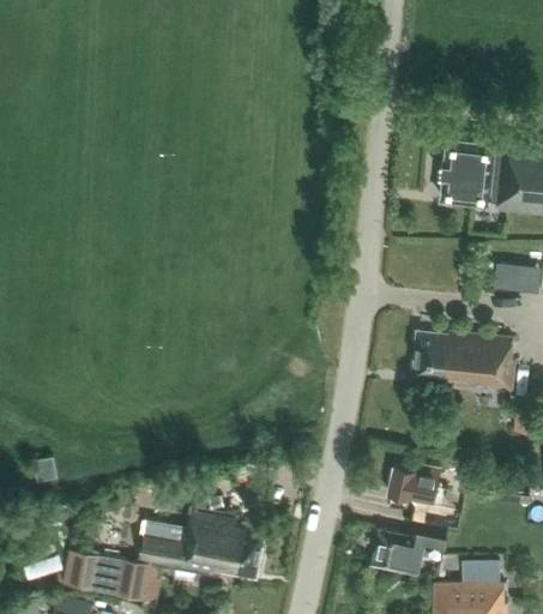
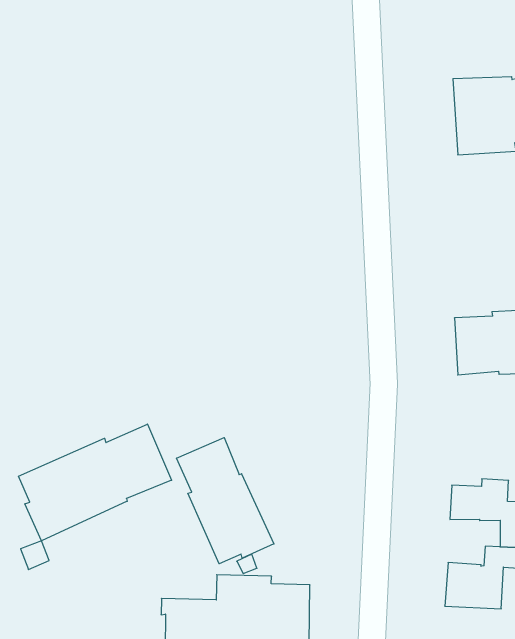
building: none -> [18,424,172,541]
building: none -> [177,438,274,564]

